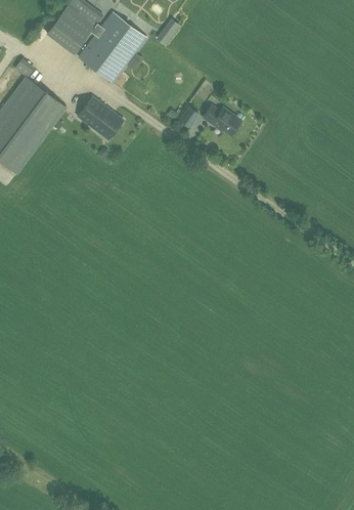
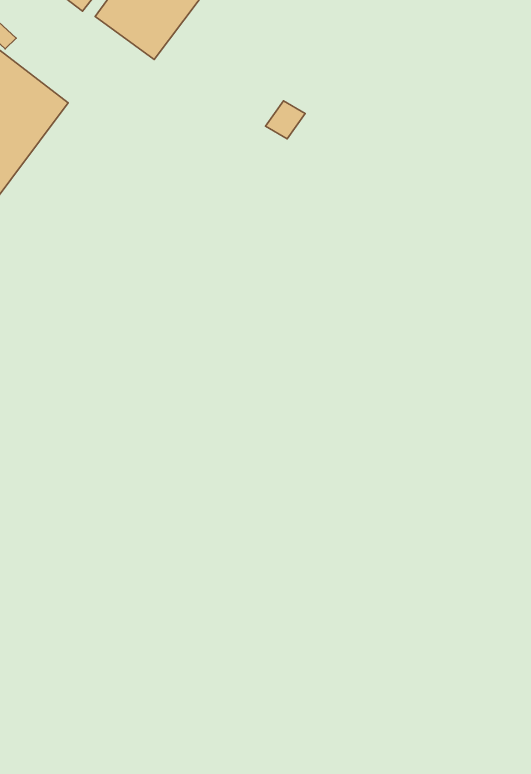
building: [77,95,123,139] -> none
building: [202,104,240,134] -> none

